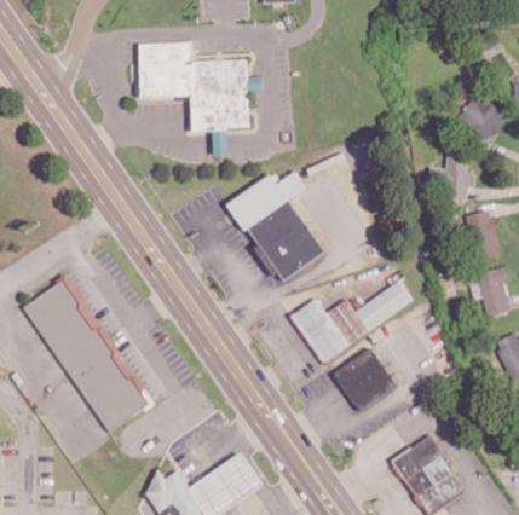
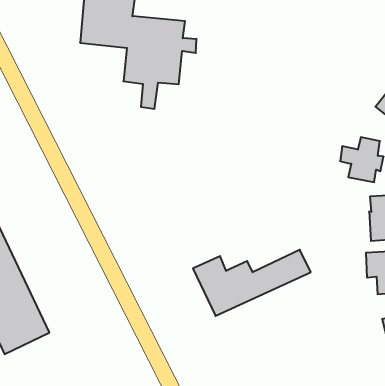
building: [225,170,323,279] -> none
building: [330,347,396,412] -> none

